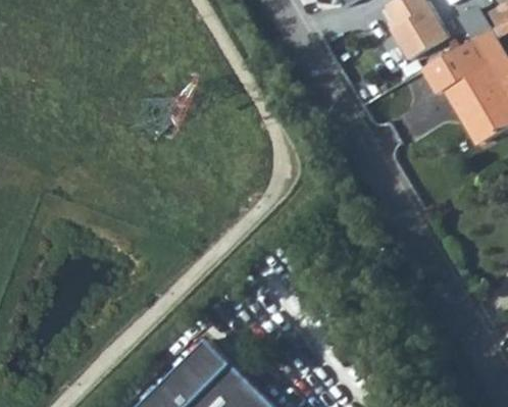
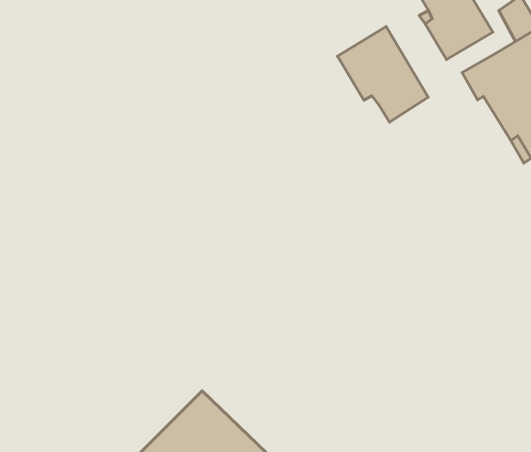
building: none -> [338,27,428,122]

